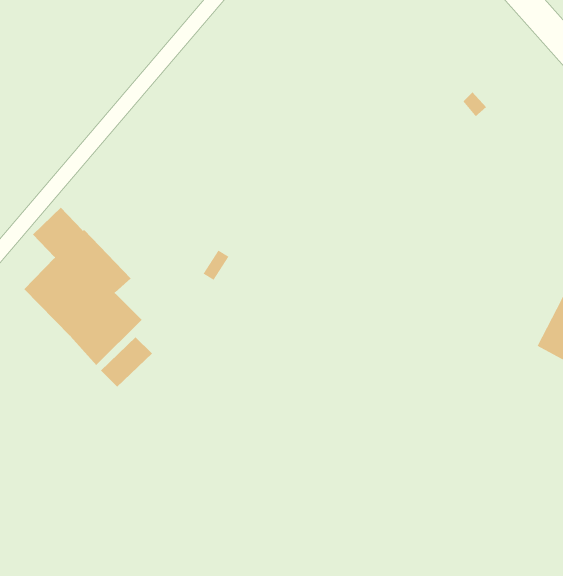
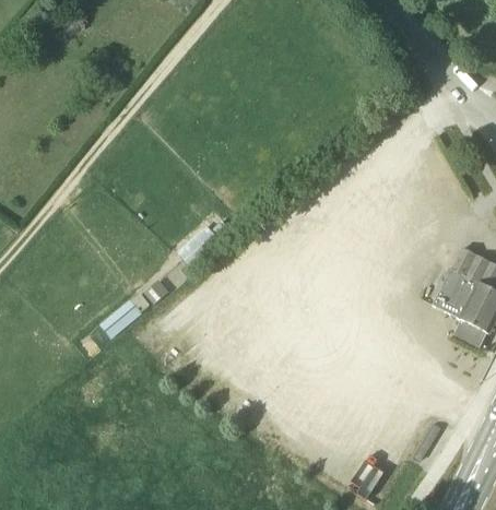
building: [24,207,143,366] -> none

